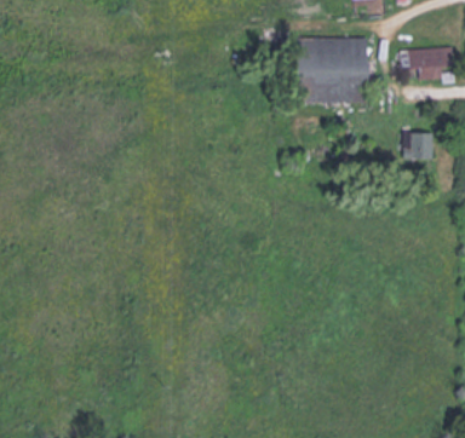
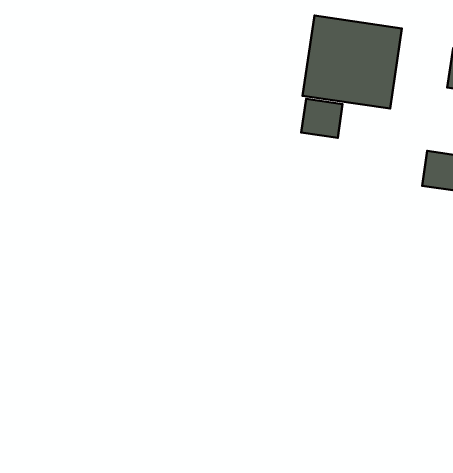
building: none -> [301,99,343,138]

